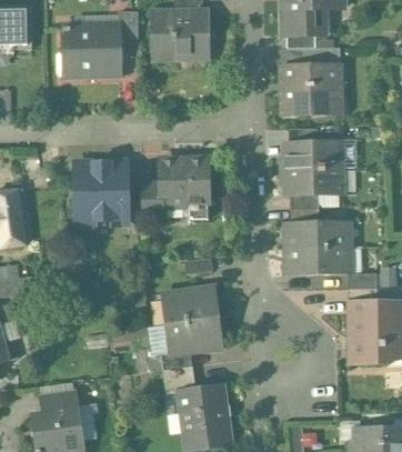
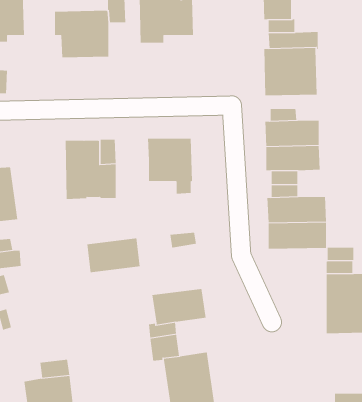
building: [141,182,163,217] -> none
building: [161,287,218,323] -> [87,238,140,273]

